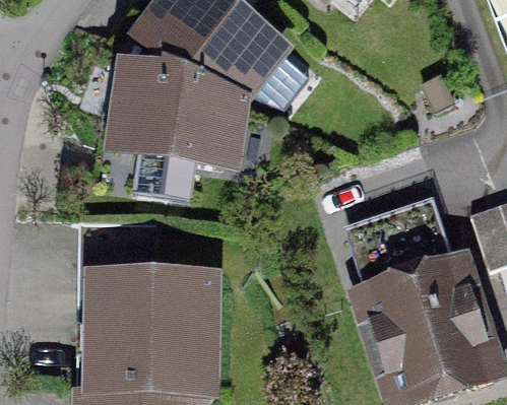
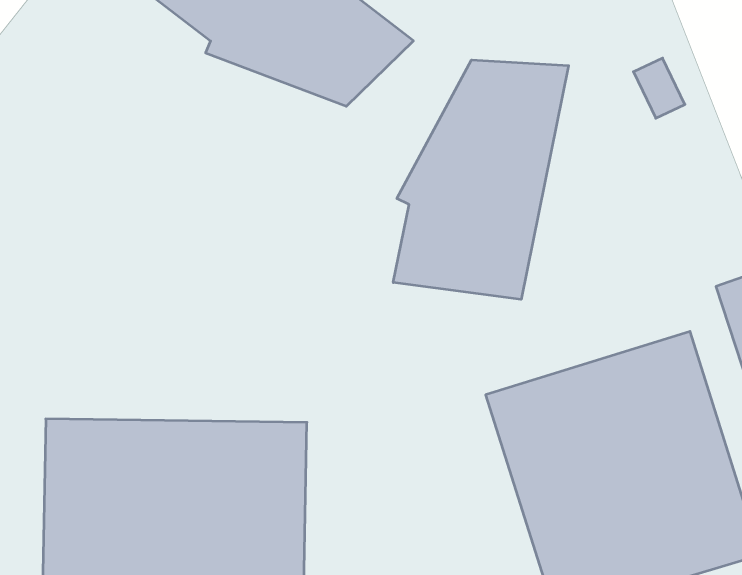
building: [116,61,254,193] -> none
building: none -> [393,60,569,299]

